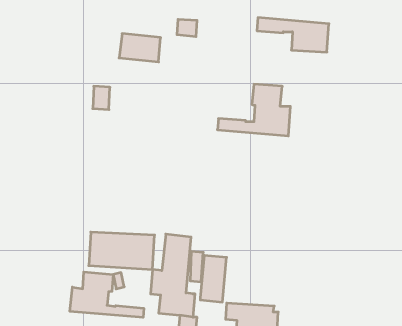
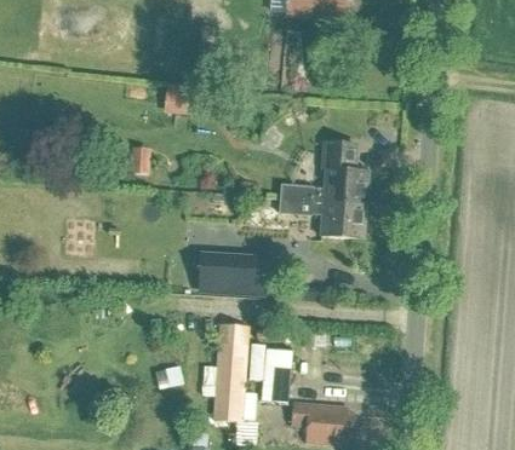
building: [257,18,329,52] -> [279,197,365,238]
building: [89,232,155,270] -> [198,250,276,295]
building: [70,272,144,317] -> none

